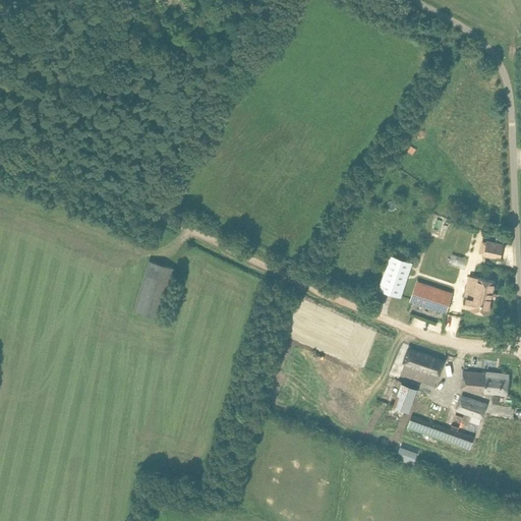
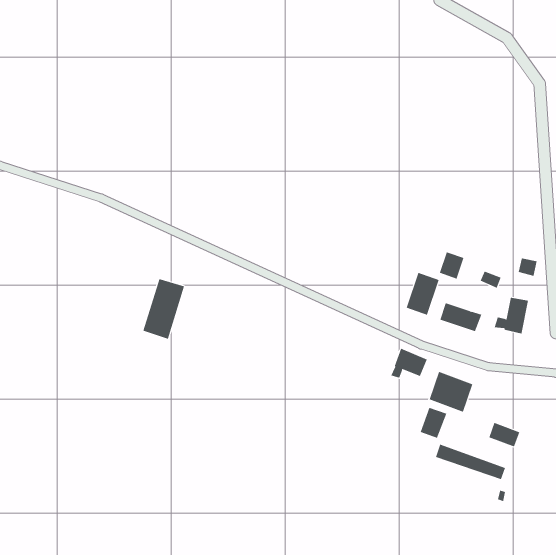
building: none -> [439,251,464,279]
building: none -> [390,348,428,378]
building: [461,371,509,395] -> none

